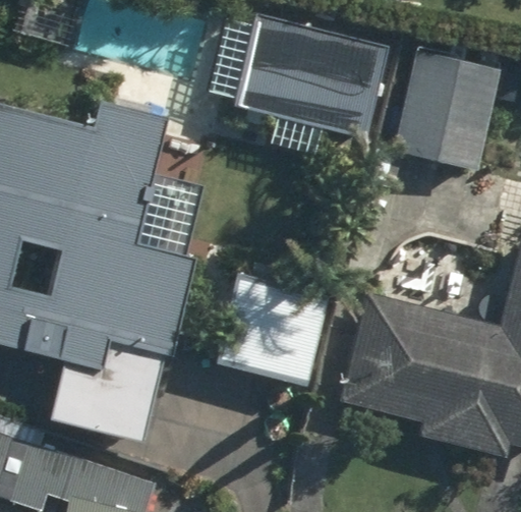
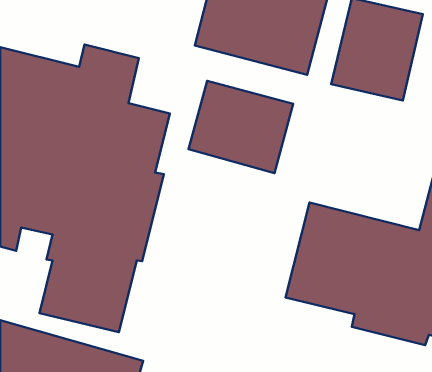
building: none -> [189,81,293,173]
building: [213,275,328,387] -> none

